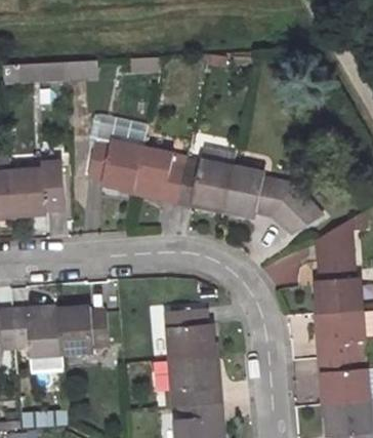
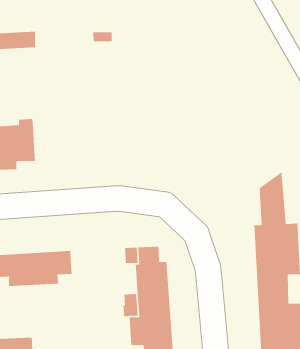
building: [87,125,314,228] -> none

